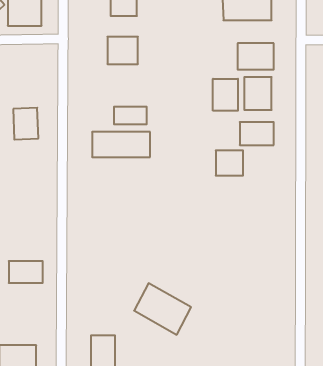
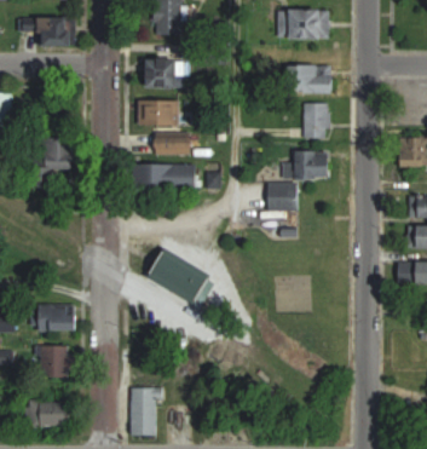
building: none -> [138,100,179,126]
building: [213,79,238,111] -> none
building: [134,283,191,335] -> [149,248,212,305]
building: none -> [35,346,69,378]

